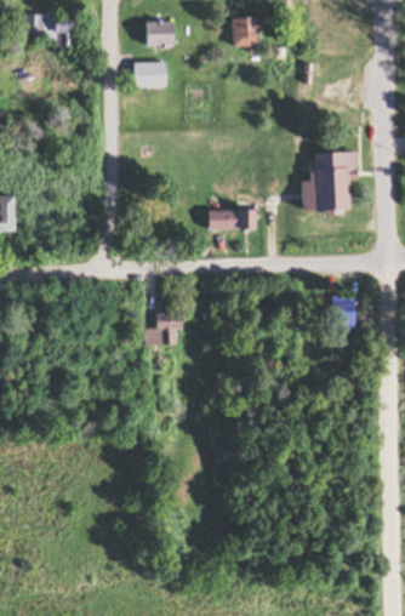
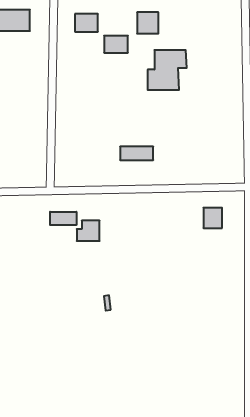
building: [133,62,167,86] -> [104,36,128,53]
building: [303,153,359,210] -> [148,50,187,90]
building: none -> [50,212,76,225]

